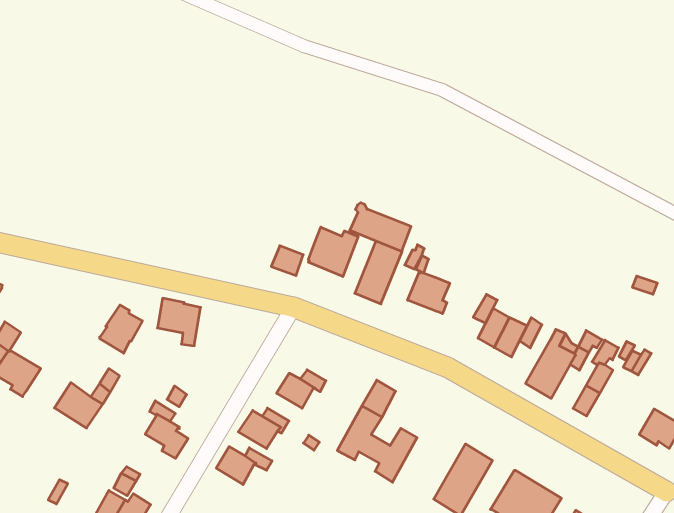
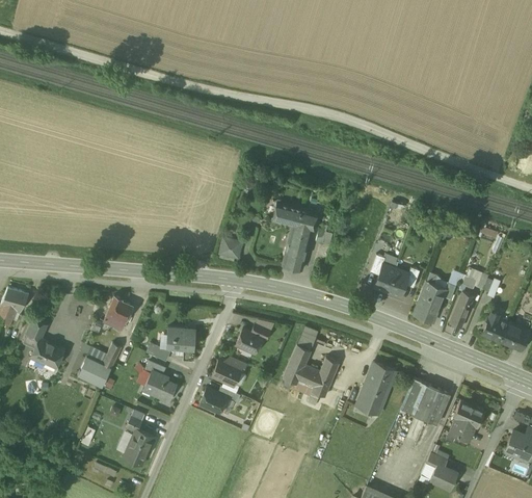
building: [308,227,358,277] -> none
building: [408,272,450,314] -> none
building: [157,298,201,346] -> [167,329,196,360]
building: none -> [481,311,507,341]

